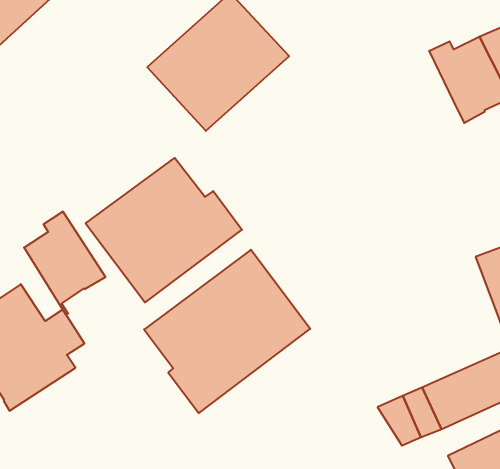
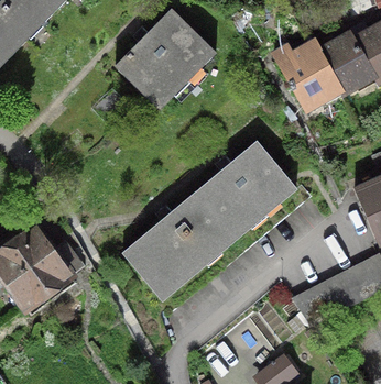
building: none -> [277,45,341,108]
building: [86,158,242,302] -> [195,143,306,246]
building: [24,211,105,314] -> none

